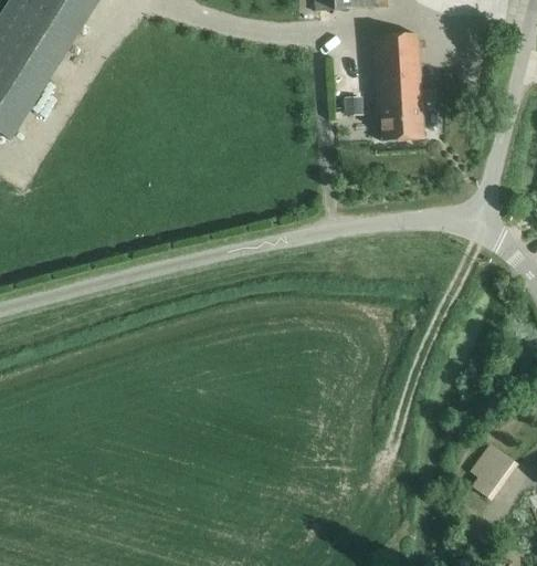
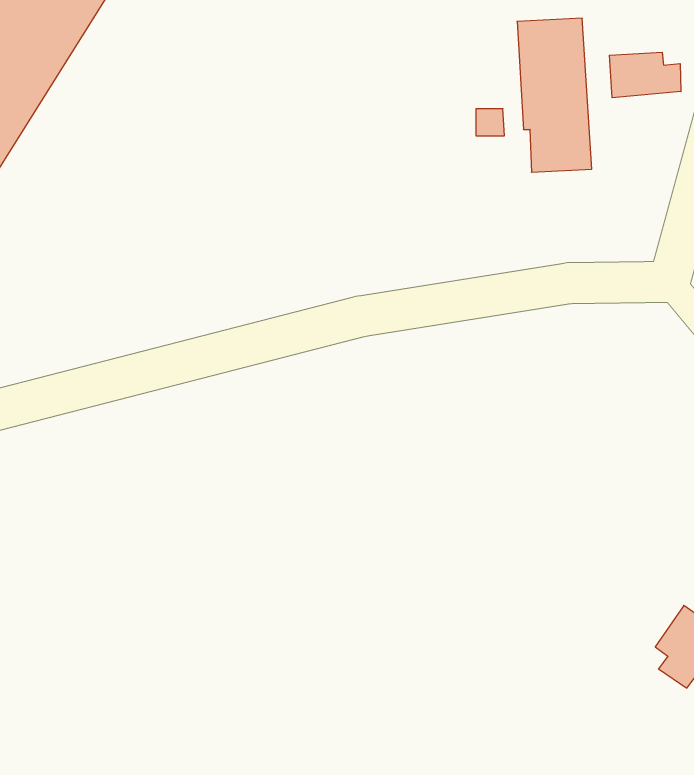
building: none -> [609,52,681,98]

